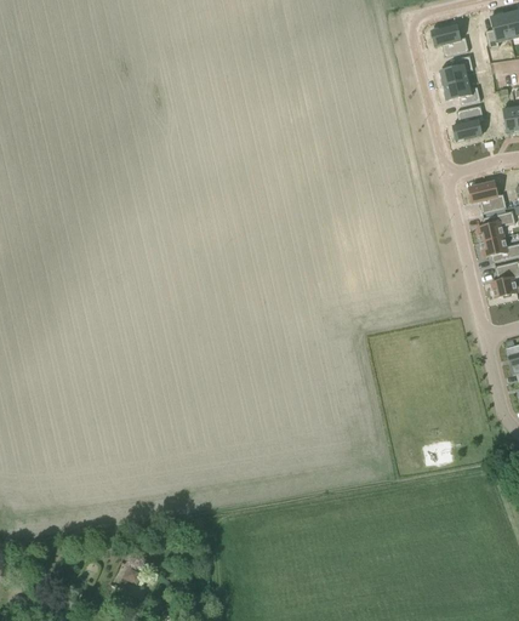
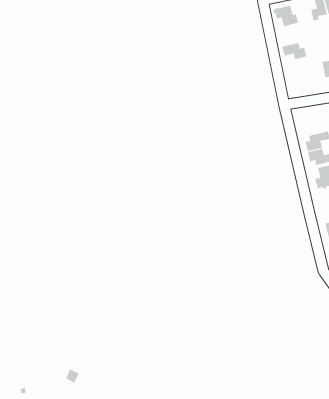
building: [439,56,473,86] -> none
building: [452,106,484,142] -> none
building: [468,181,506,213] -> none

